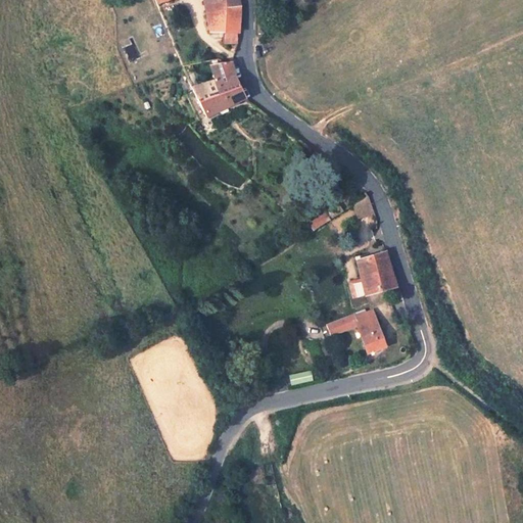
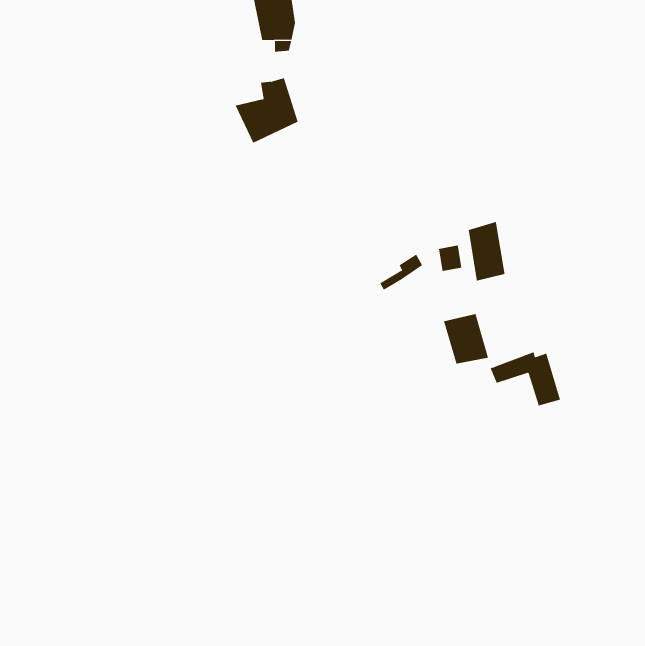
building: none -> [468,221,505,281]
building: [328,310,385,353] -> [490,352,561,406]

